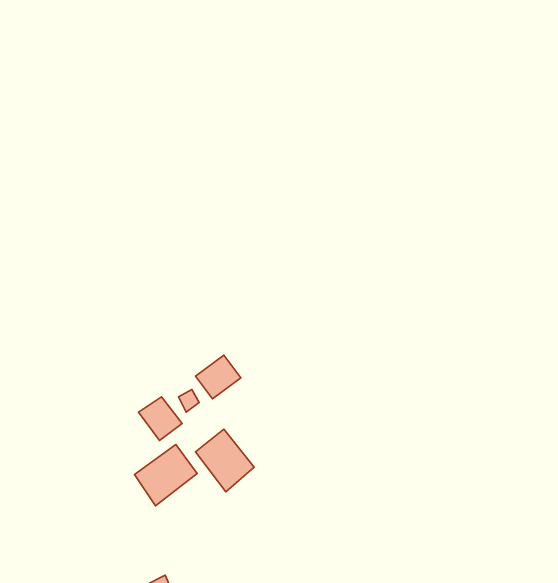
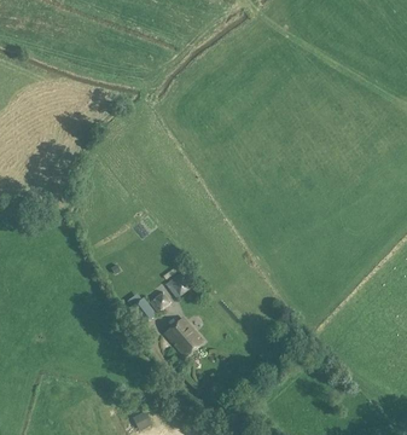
building: [135,444,197,506] -> none

